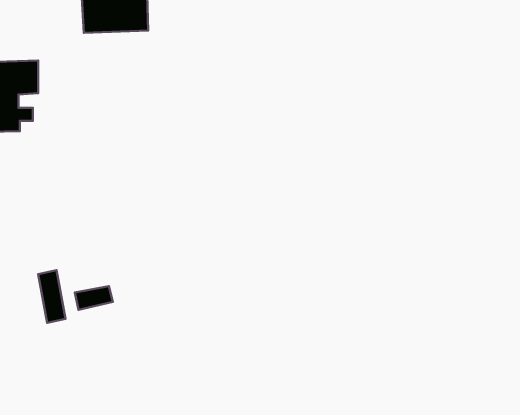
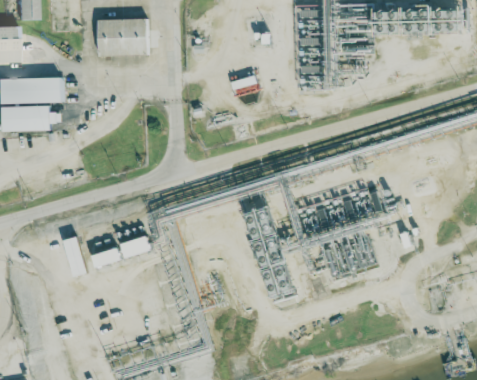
building: none -> [121,235,152,257]

